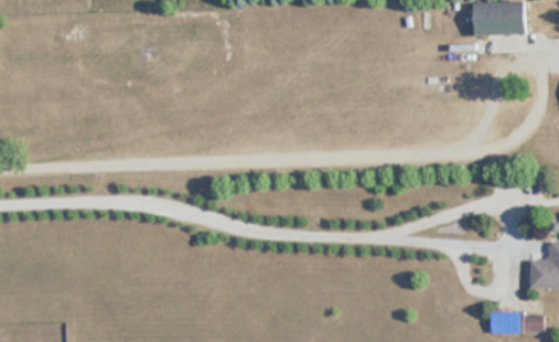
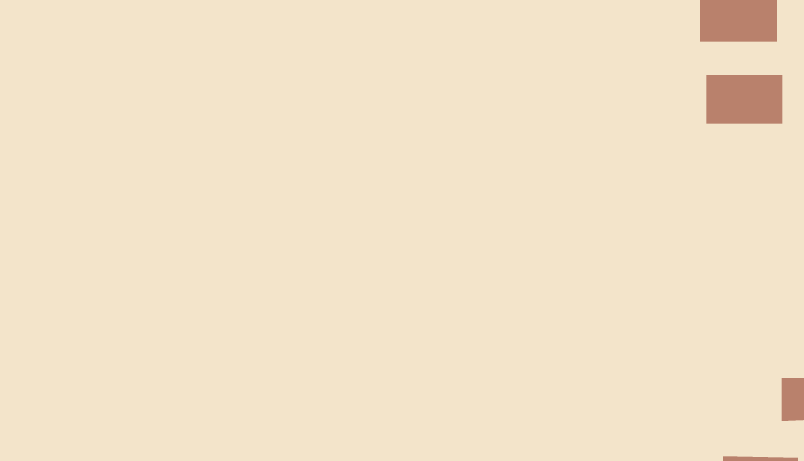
building: none -> [706,74,783,125]

